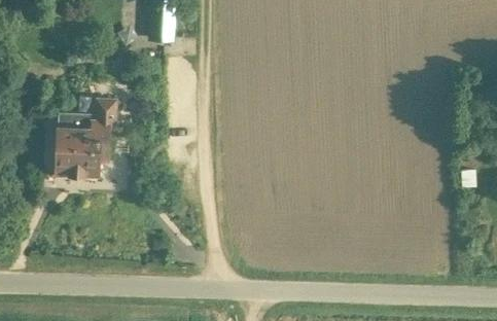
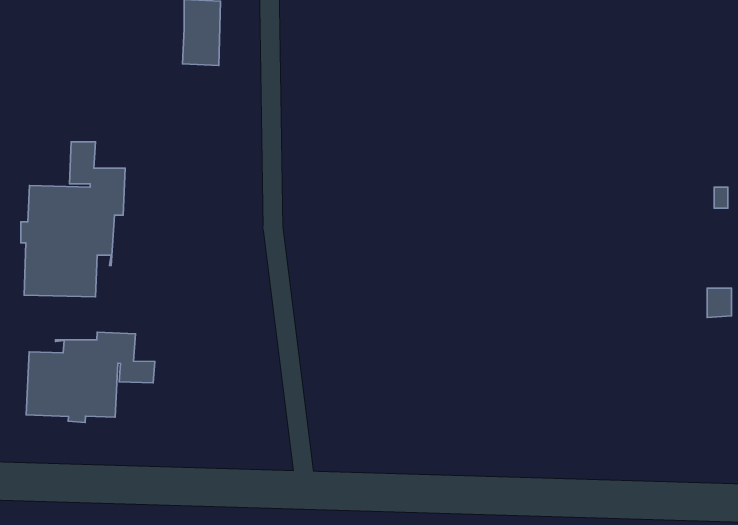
building: none -> [26,332,155,422]

